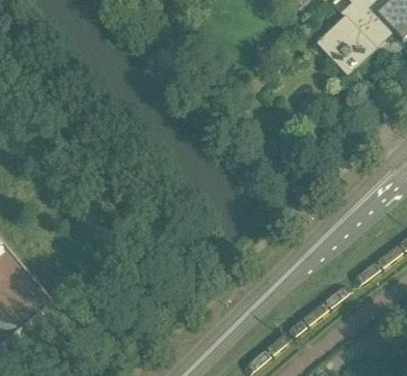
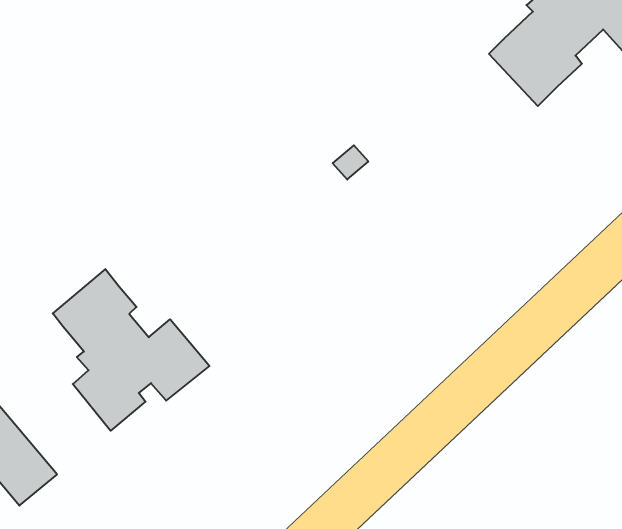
building: none -> [53,269,209,431]

